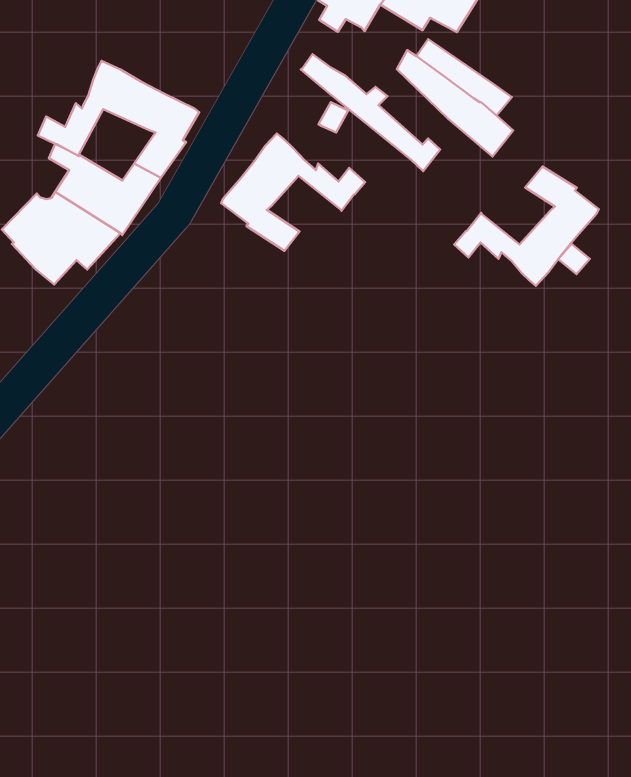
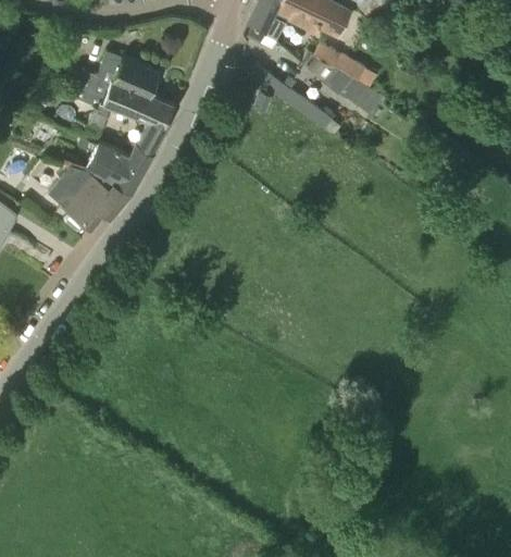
building: none -> [72,52,159,111]
building: [221,133,365,251] -> none
building: [454,166,599,286] -> none

